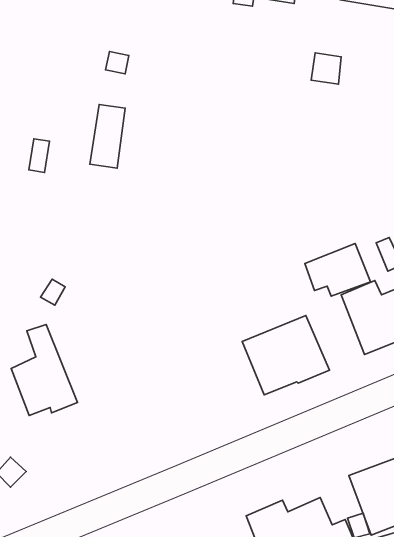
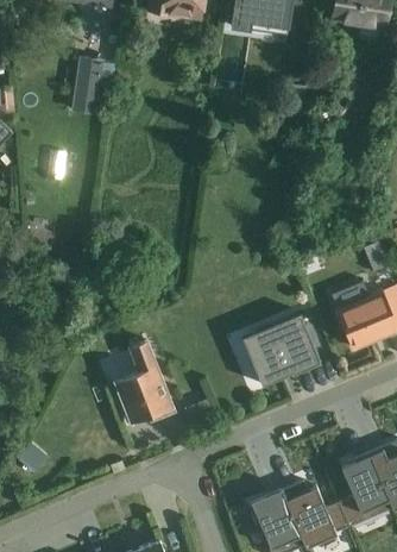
building: [90,104,125,168] -> [71,56,103,114]
building: [305,243,370,296] -> none
building: [11,324,77,415] -> [114,340,175,424]

